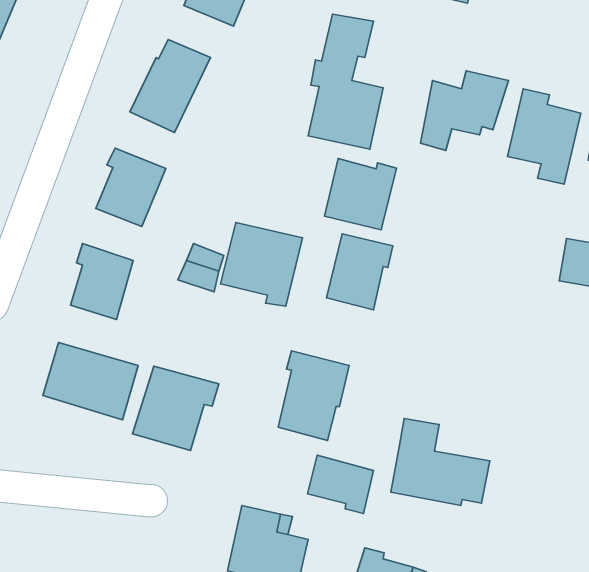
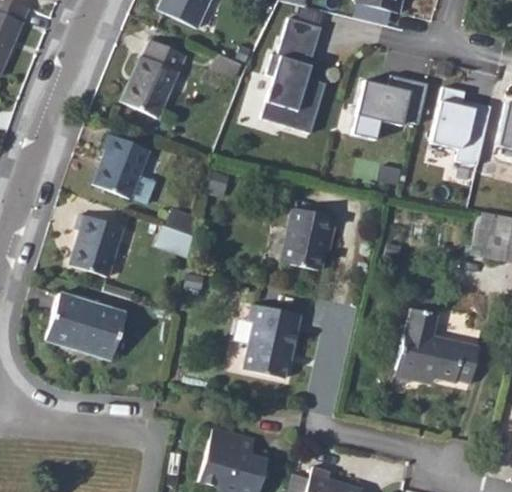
building: [324,158,396,230] -> none
building: [220,222,303,306] -> none
building: [132,366,219,450] -> none
building: [391,419,490,506] -> [397,312,479,384]
building: [308,455,373,514] -> none

